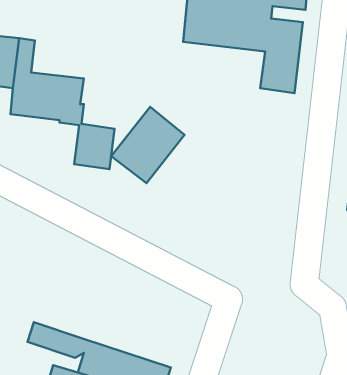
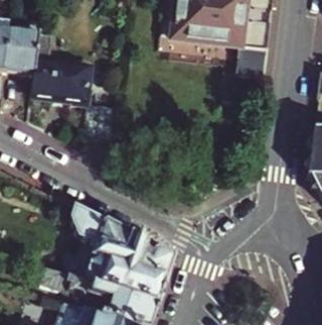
building: [111,107,184,183] -> none
building: none -> [73,205,178,304]

